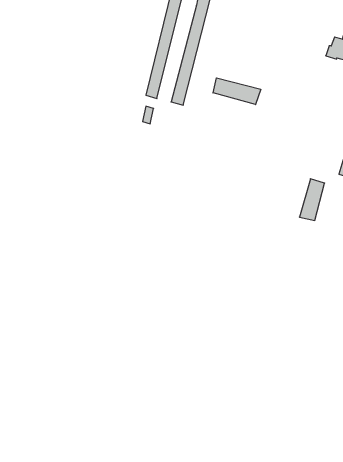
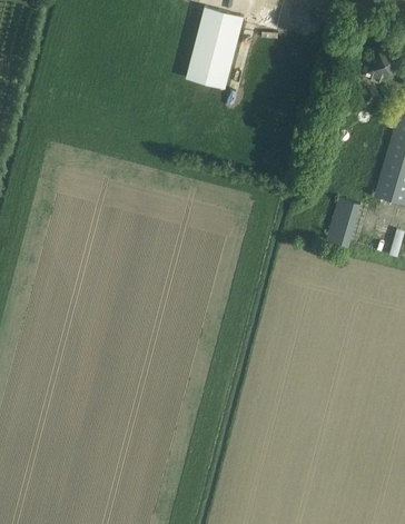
building: [213,78,261,105] -> none

